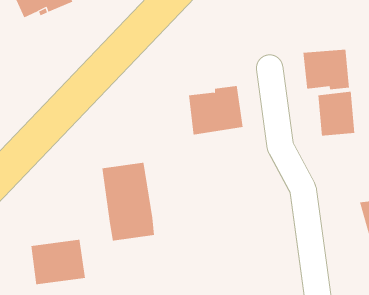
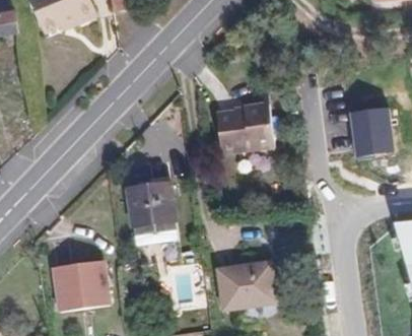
building: [303,49,350,90] -> none
building: none -> [217,262,277,309]

